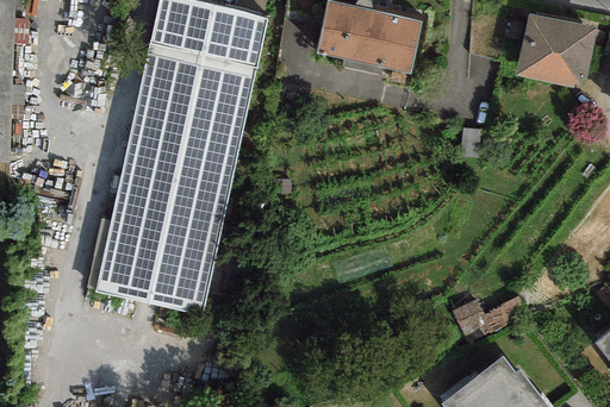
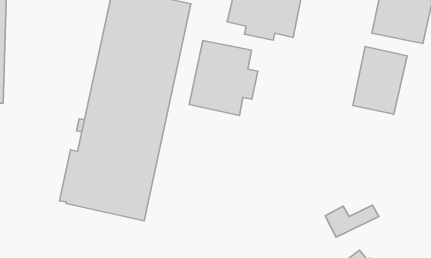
building: none -> [189,41,258,116]
building: none -> [353,47,407,114]

